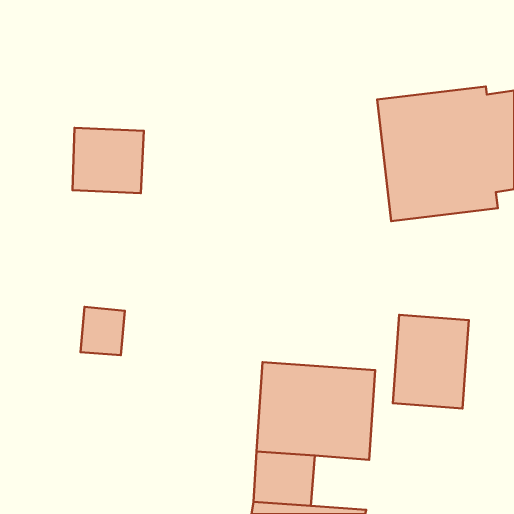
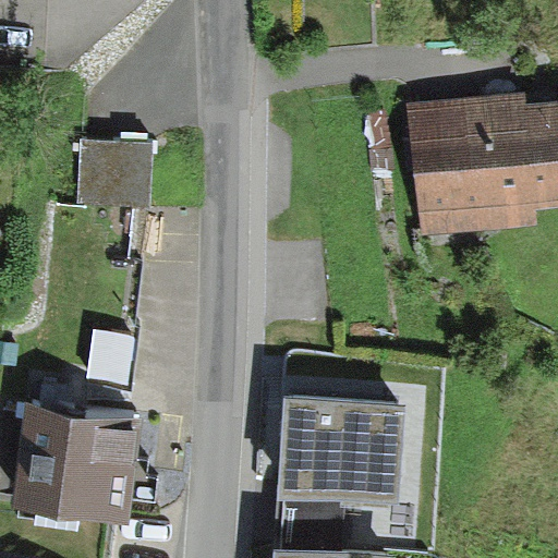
building: [393,315,469,408] -> none
building: none -> [8,399,137,518]

